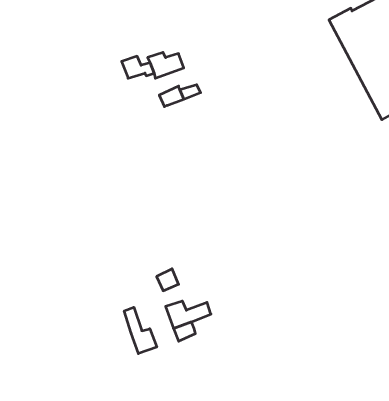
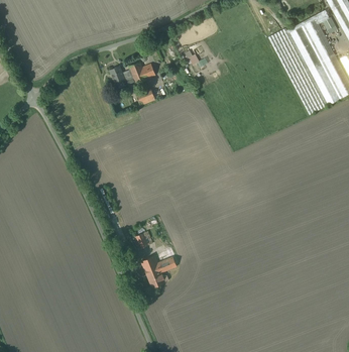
building: [124,307,157,354] -> none

